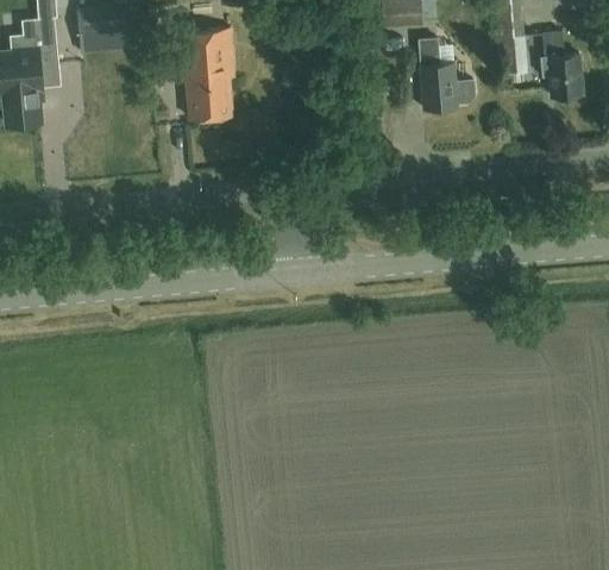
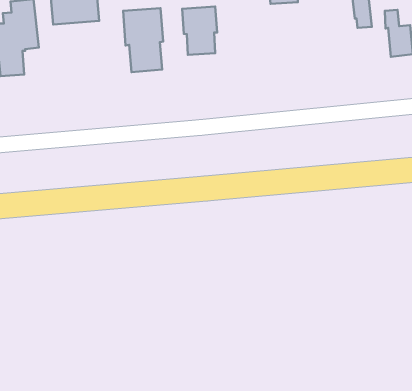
building: none -> [182,6,217,55]
building: [419,39,473,111] -> none

